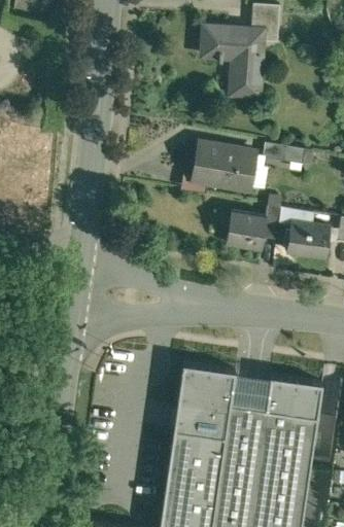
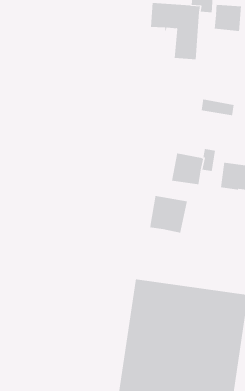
building: none -> [214,4,241,32]
building: [197,146,256,190] -> none
building: none -> [149,195,187,233]

